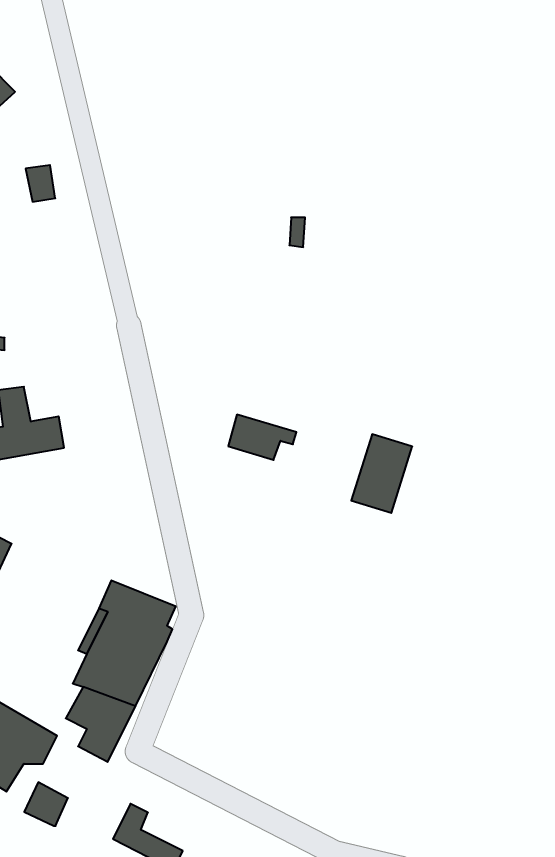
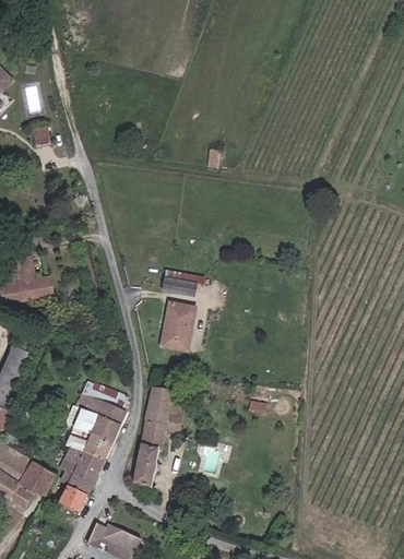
building: [351,434,412,513] -> [158,309,197,358]
building: none -> [132,388,188,500]
building: [24,782,68,826] -> [60,480,87,508]

